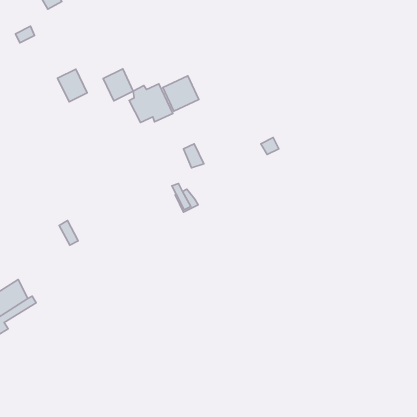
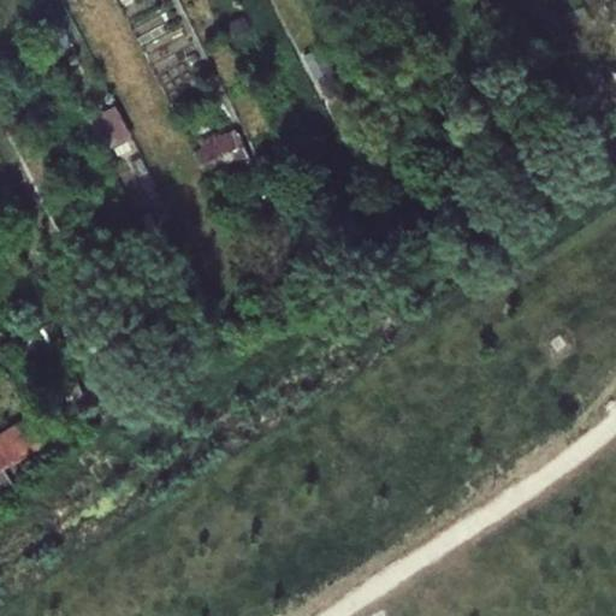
building: [103,69,133,101] -> none
building: [163,76,199,111] -> none

